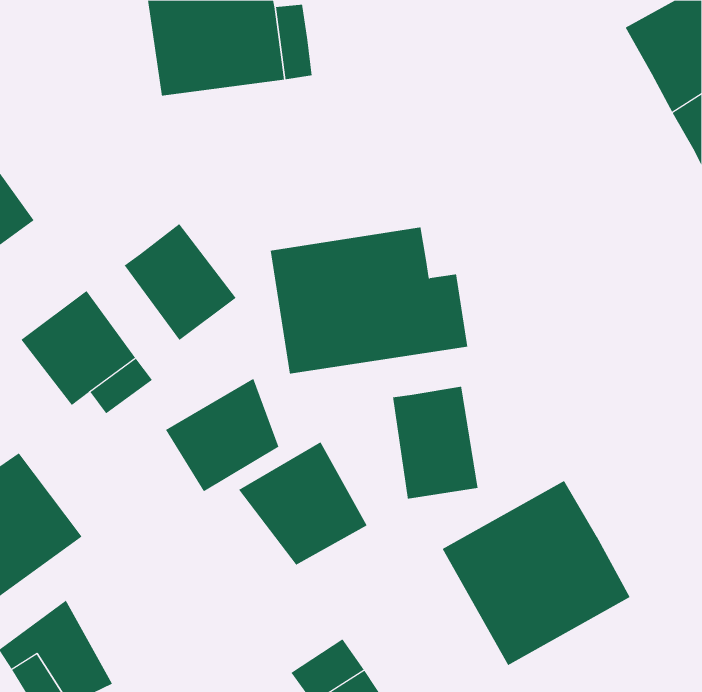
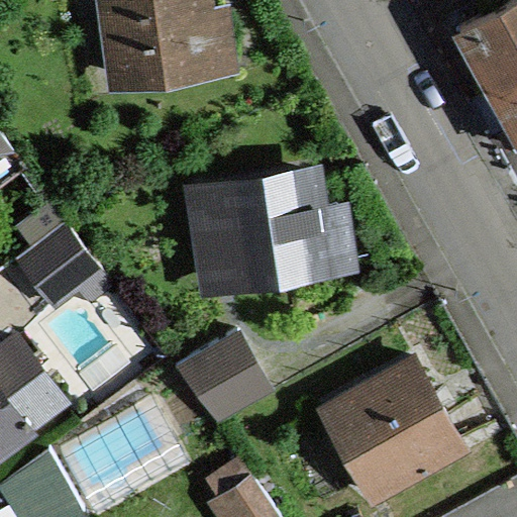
building: [124,223,236,341] -> none
building: [165,378,279,492] -> none
building: [393,386,478,500] -> none

